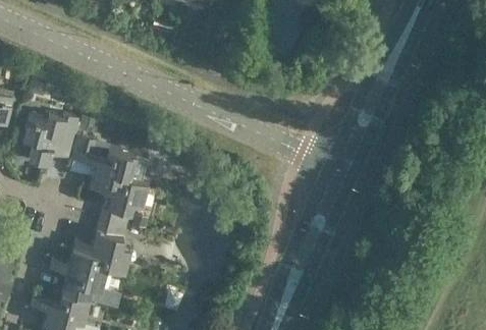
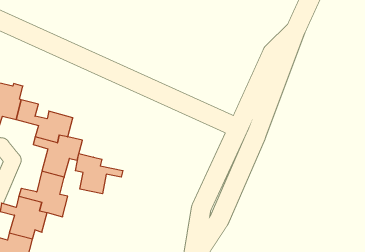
building: none -> [75,154,123,194]

